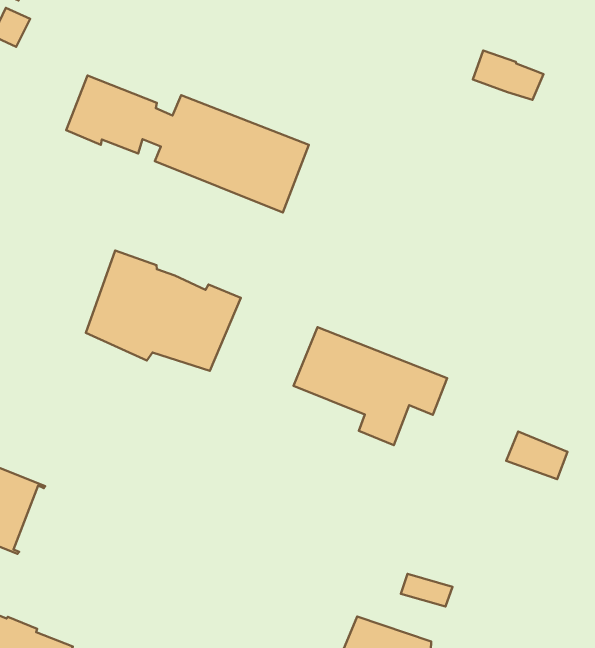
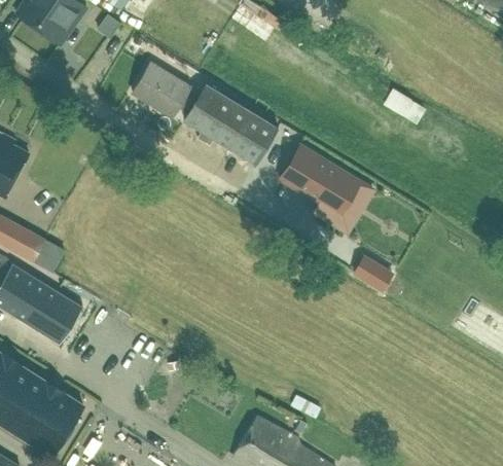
building: [86,250,241,371] -> none
building: [293,327,447,445] -> [280,144,373,223]
building: [506,431,568,479] -> [356,261,394,294]

